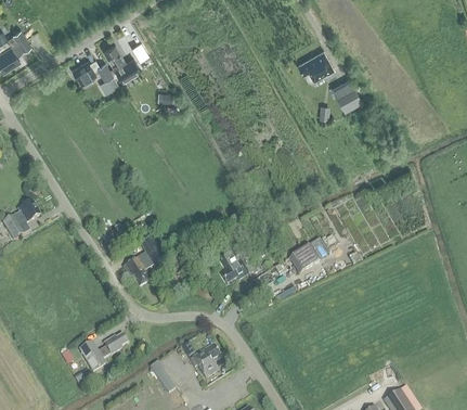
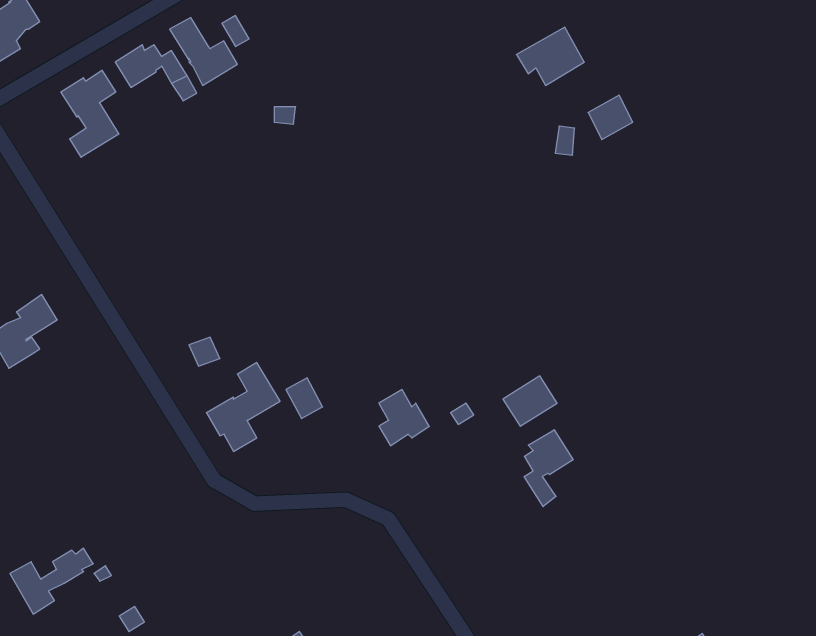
building: none -> [61,70,119,157]
building: none -> [524,430,573,507]
building: [80,334,127,371] -> [10,548,93,614]
building: [190,343,219,376] -> none

